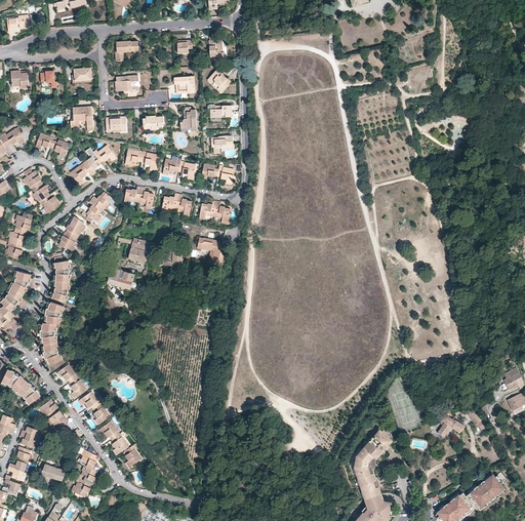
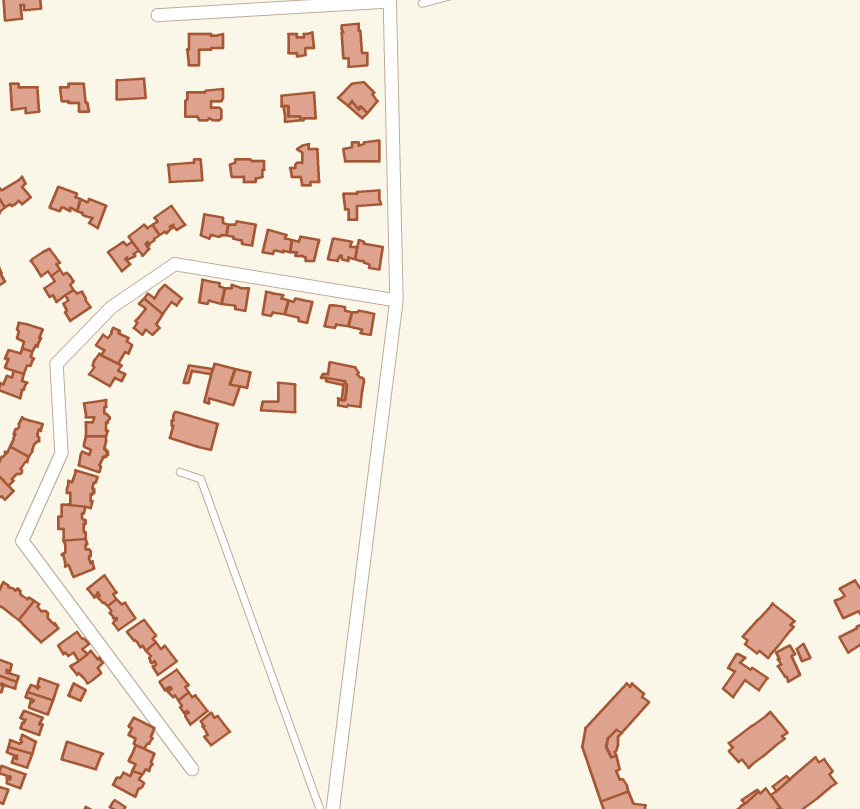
building: [71,108,93,132] -> none
building: none -> [743,603,795,658]
building: none -> [729,712,787,768]

